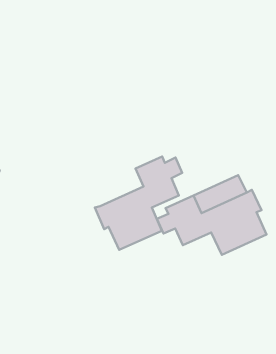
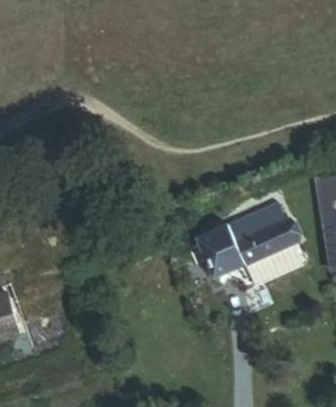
building: [95,157,182,250] -> none

